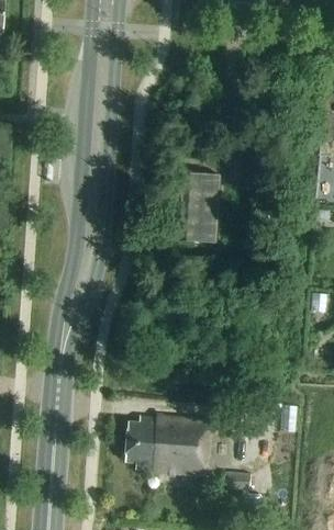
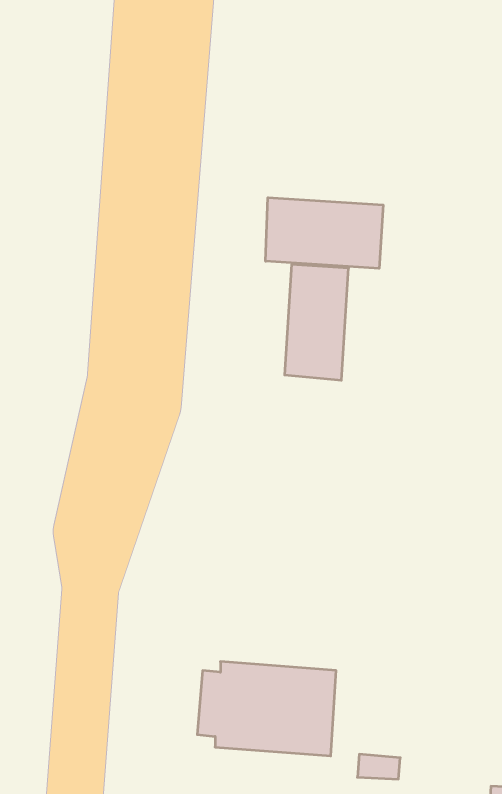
building: none -> [266,198,383,268]

